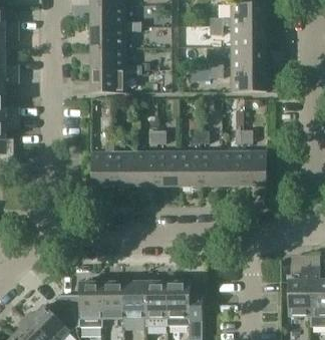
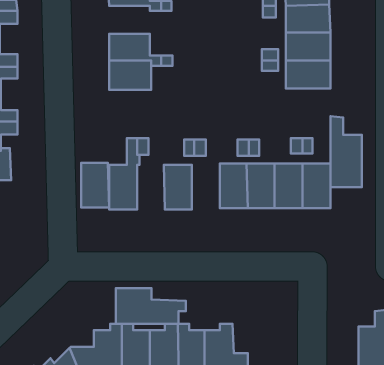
building: [91,26,123,48] -> none
building: none -> [330,116,362,187]
building: [156,150,179,187] -> none
building: [113,151,135,187] -> [81,163,109,207]
building: none -> [116,288,186,324]

